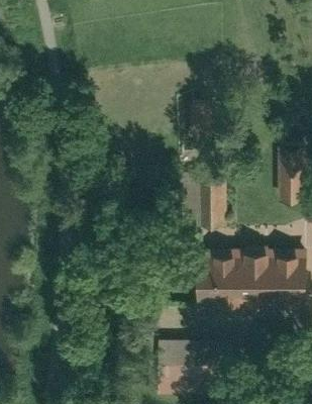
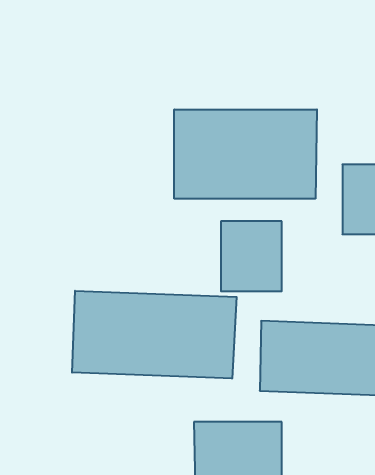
building: none -> [174,109,317,199]
building: none -> [72,291,237,379]

